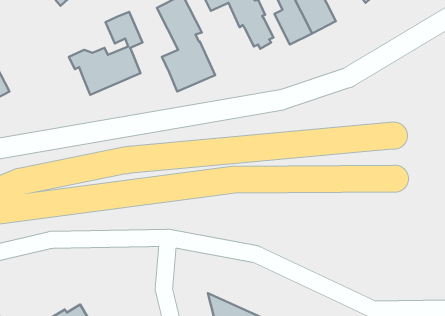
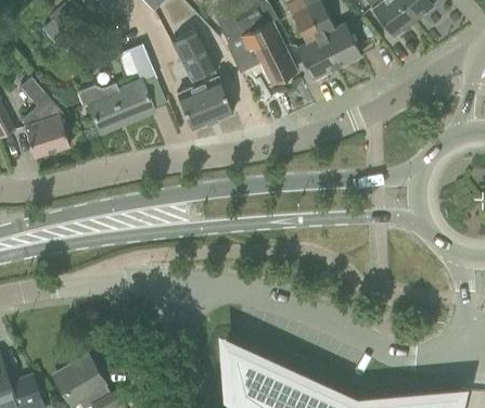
building: none -> [18,77,68,157]

